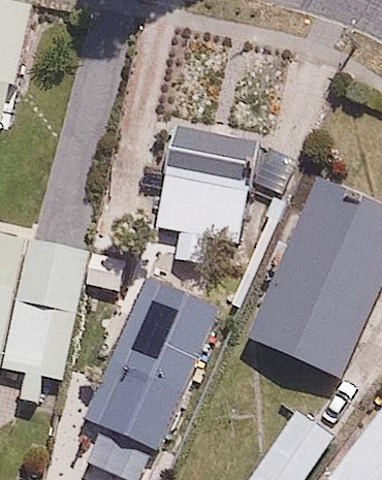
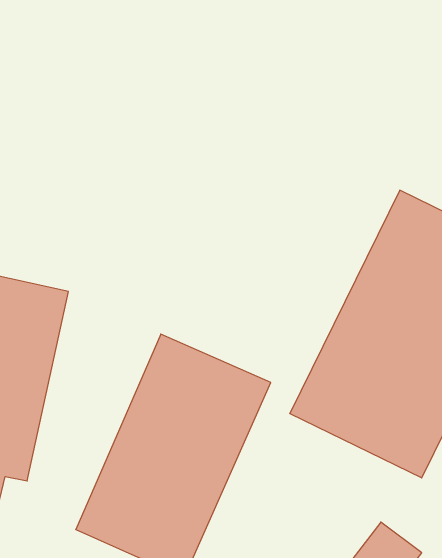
building: [164,131,245,249] -> none

